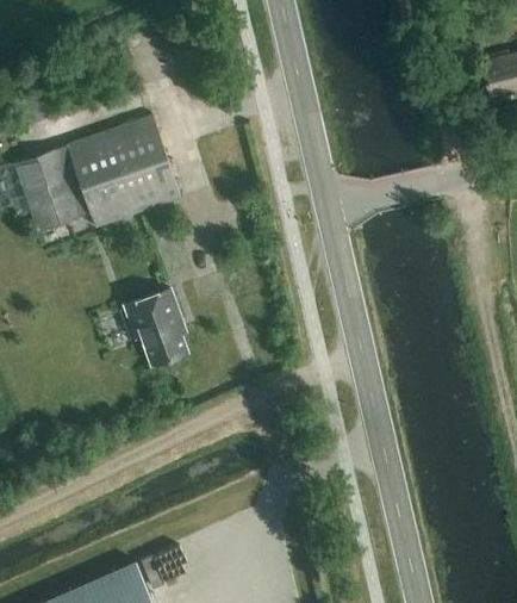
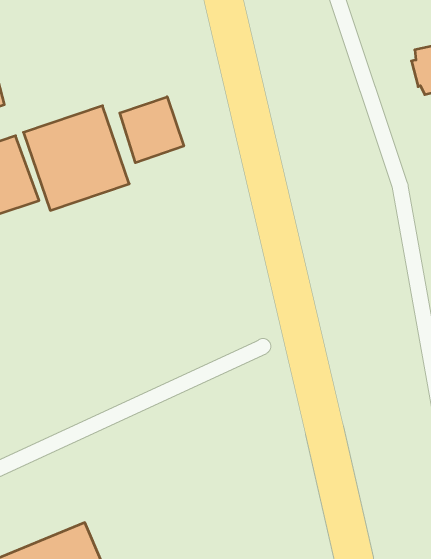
building: none -> [120,97,184,163]
building: [126,291,187,366] -> none

